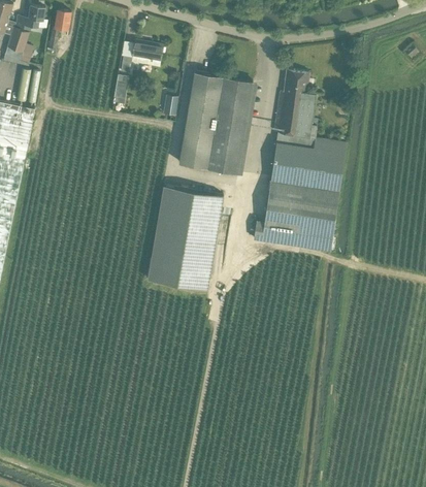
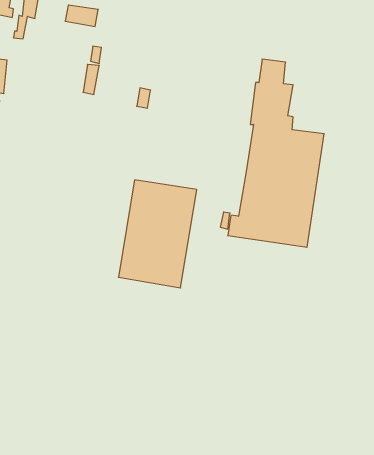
building: [132,41,164,62] -> [65,5,98,26]
building: [179,72,253,173] -> none

